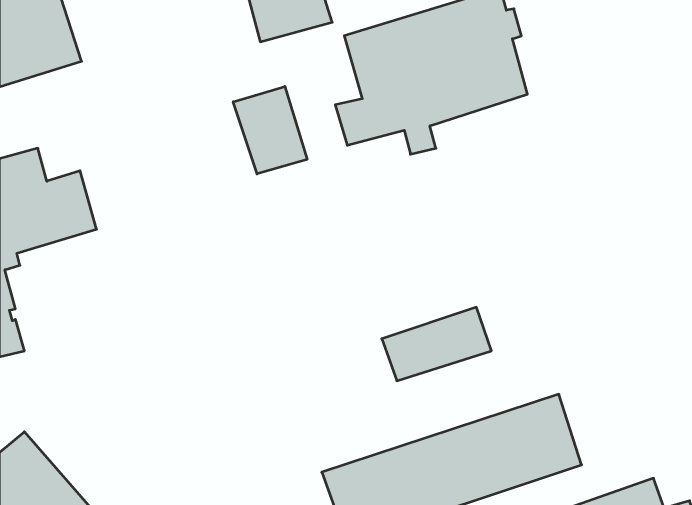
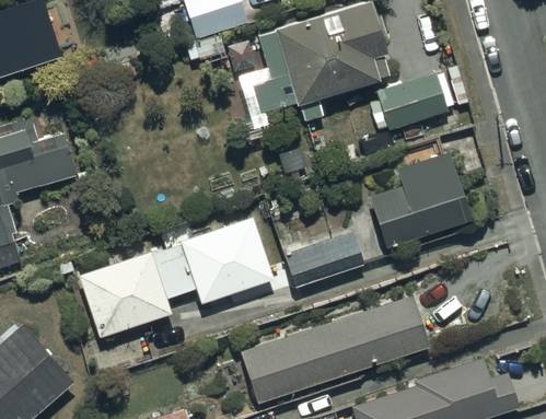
building: [233,86,307,174] -> none
building: none -> [370,72,454,132]
building: none -> [369,152,469,247]
building: none -> [77,218,274,340]

